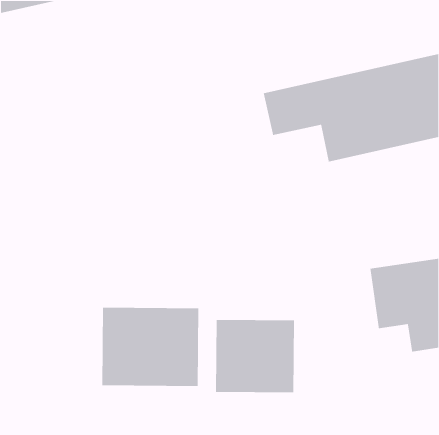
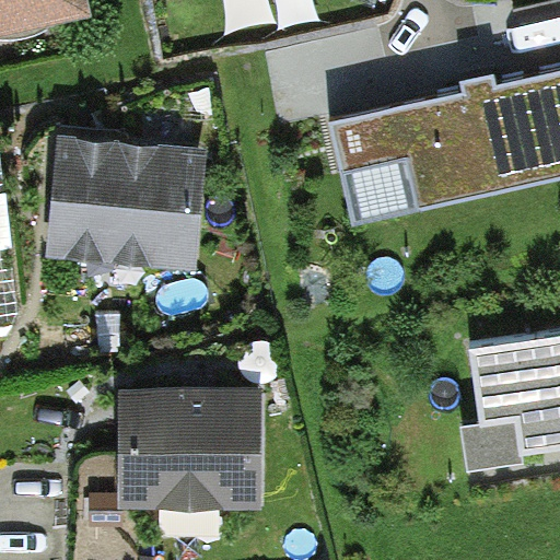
building: none -> [58,145,199,258]
building: [215,319,295,393] -> none

